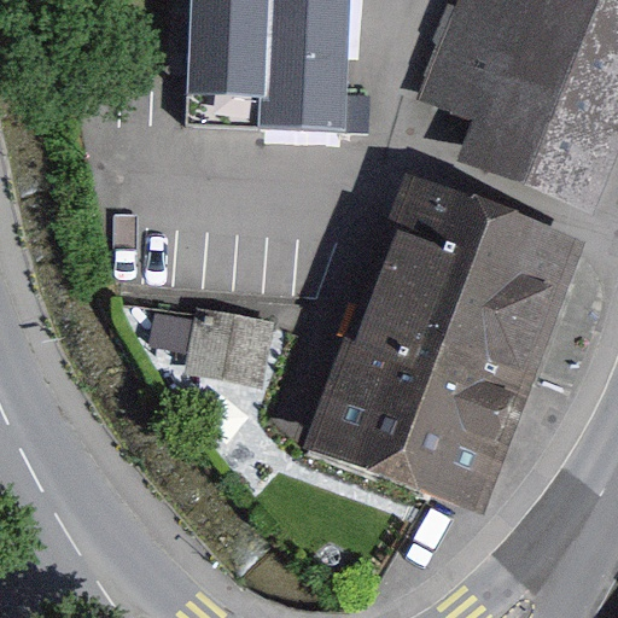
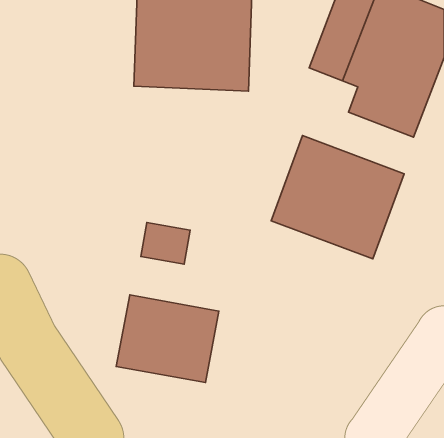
building: [307,307,518,489] -> none
building: none -> [116,295,219,383]

